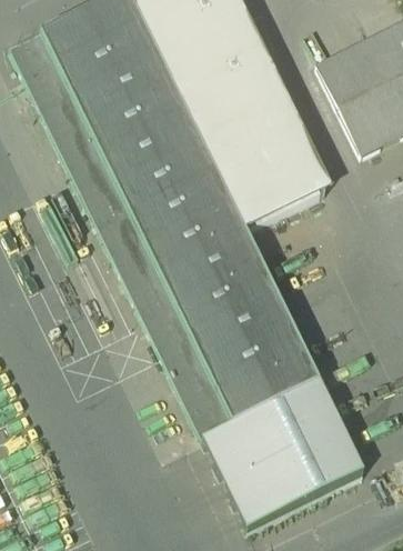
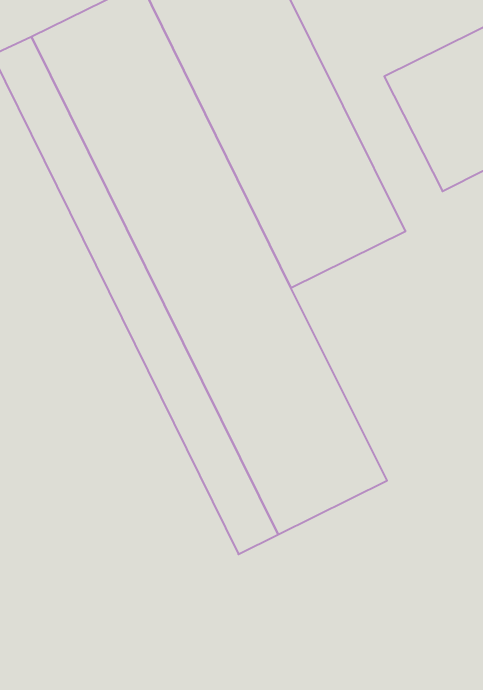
building: [203,379,363,524] -> none

